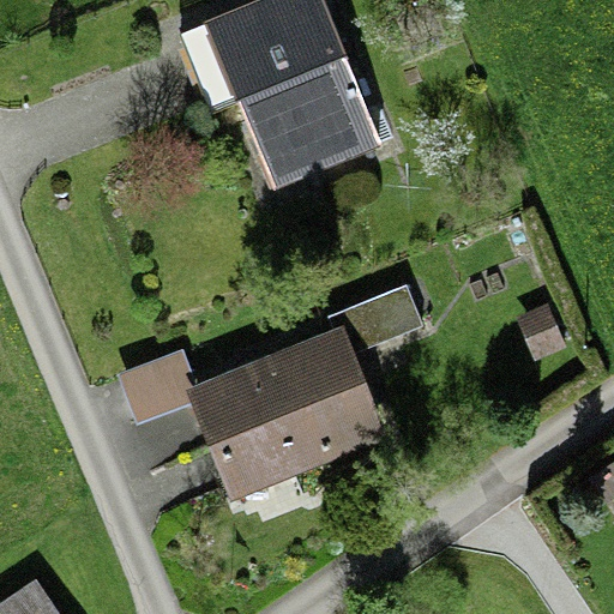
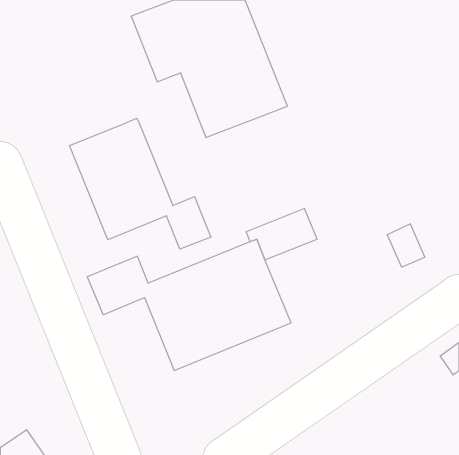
building: none -> [69,118,211,249]

